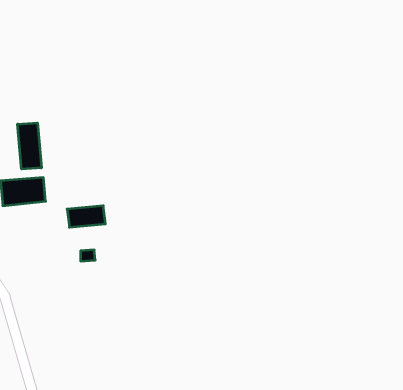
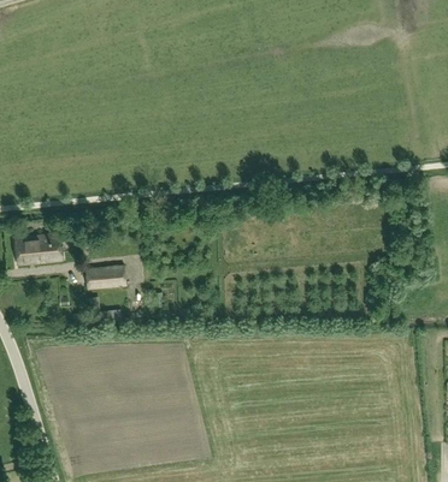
building: [18,123,41,169] -> none

